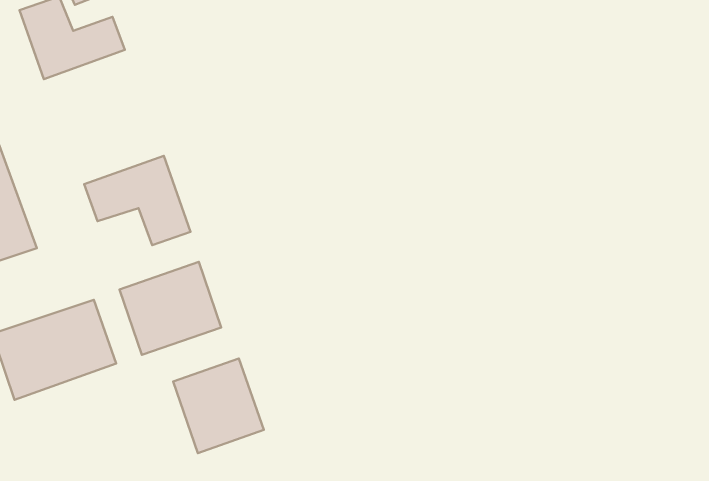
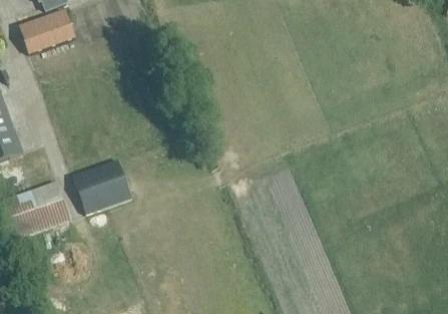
building: [84,156,190,245] -> none
building: [173,358,264,453] -> none

